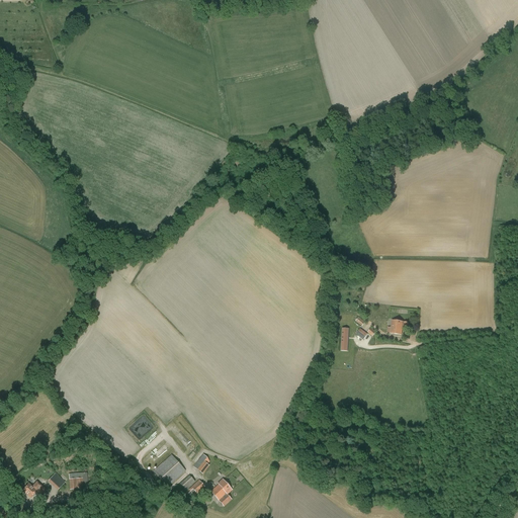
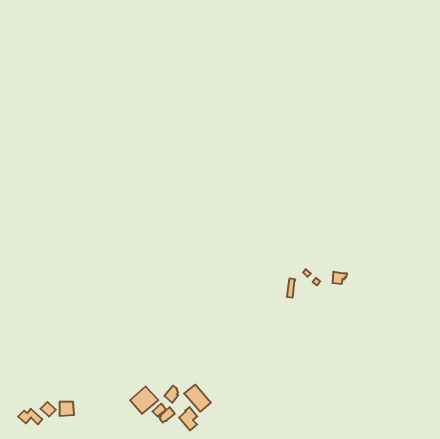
building: none -> [184,385,211,412]

